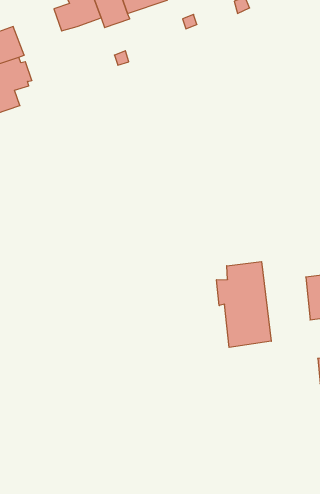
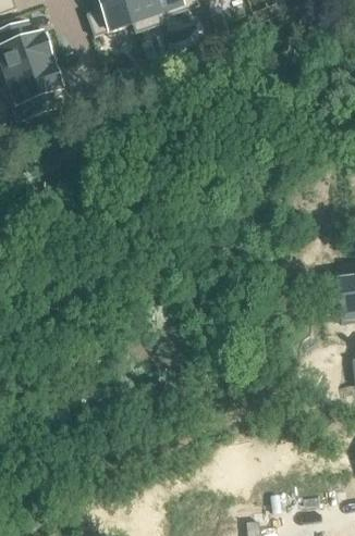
building: [217,262,271,347] -> none

